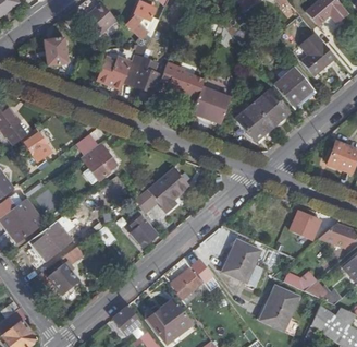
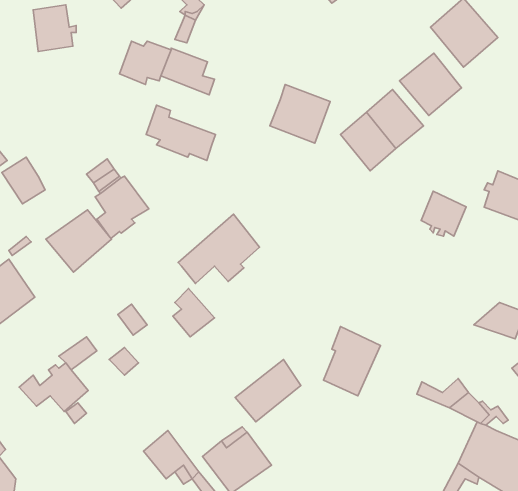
building: [160,61,204,96] -> [146,105,215,161]
building: [292,211,320,239] -> [421,191,466,236]
building: [28,222,70,261] -> [46,210,112,272]
building: [262,285,299,331] -> none

